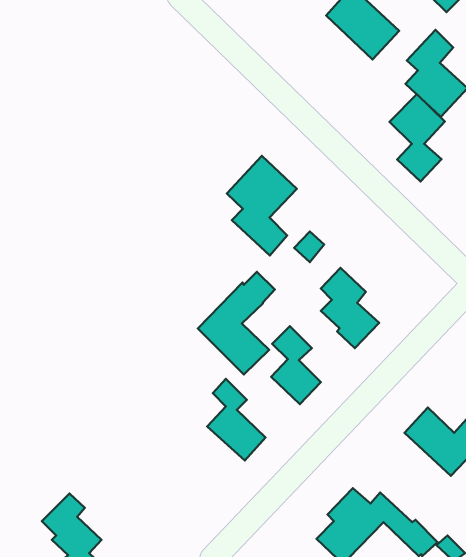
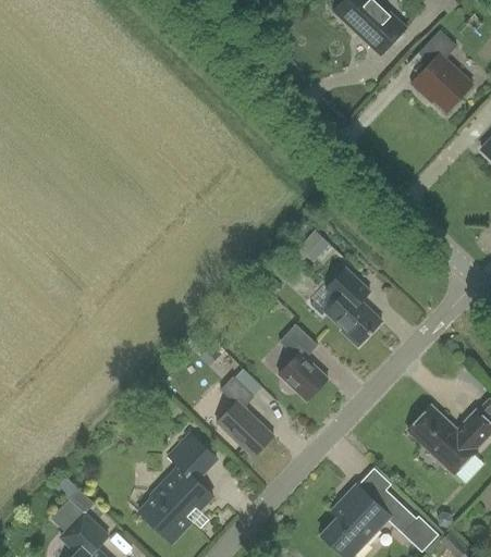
building: [390,94,445,181] -> none
building: [227,156,297,256] -> none
building: [198,272,275,375] -> none
building: none -> [139,432,218,542]

